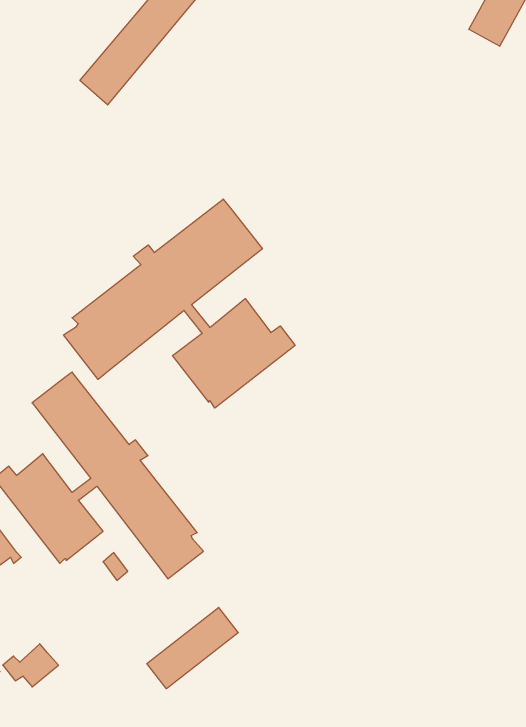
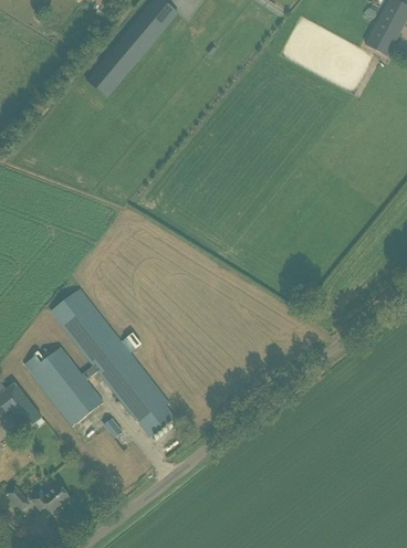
building: [63,199,295,408] -> none
building: [147,607,238,689] -> none

